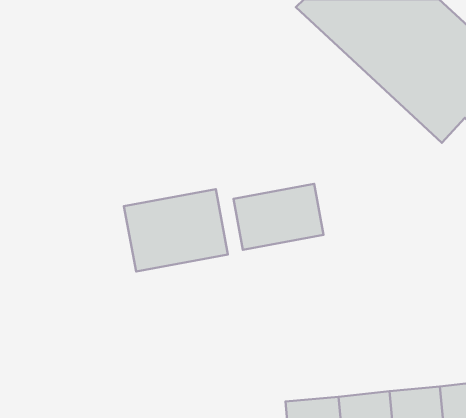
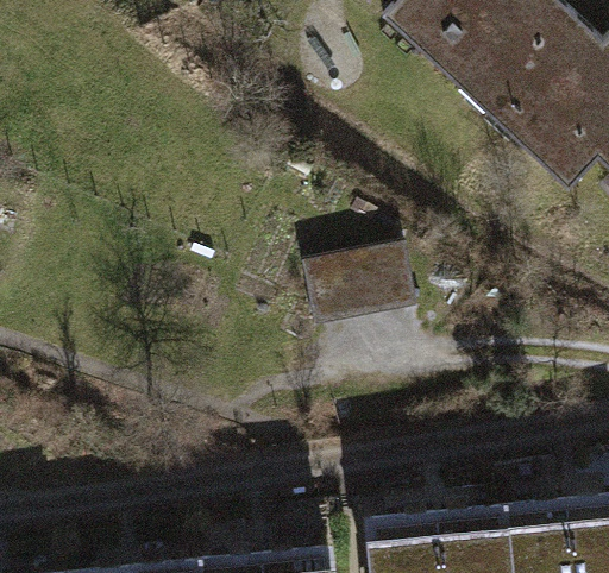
building: [124,189,228,271] -> none

